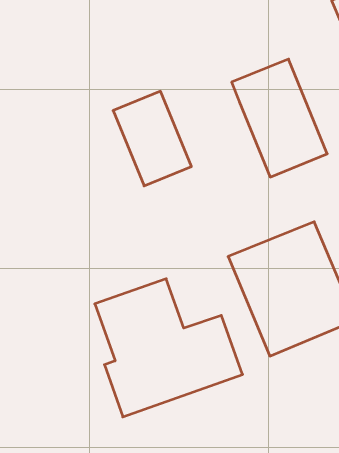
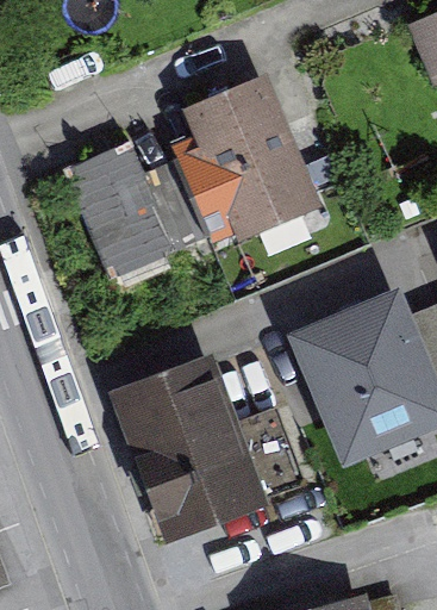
building: [232,59,327,177] -> [198,81,316,226]
building: none -> [69,136,187,280]

